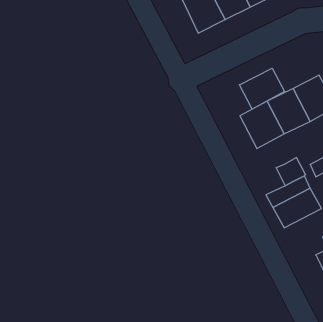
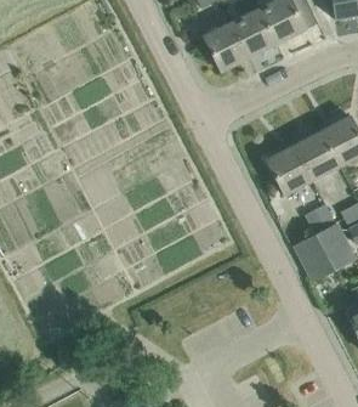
building: [239,68,285,109] -> none

